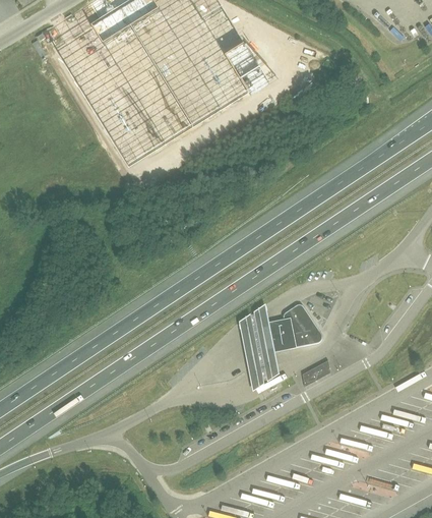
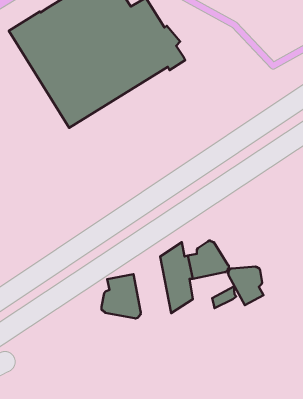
building: none -> [228,266,263,305]
building: none -> [102,274,141,319]

